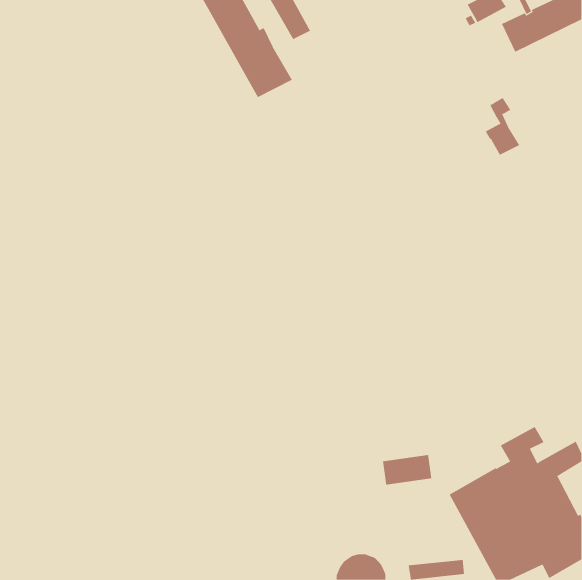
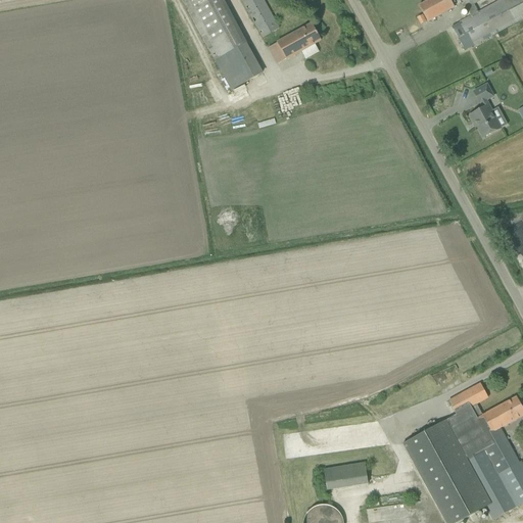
building: none -> [269,22,321,63]
building: [485,97,520,155] -> [470,84,502,136]
building: [382,454,432,485] -> [322,461,367,488]

